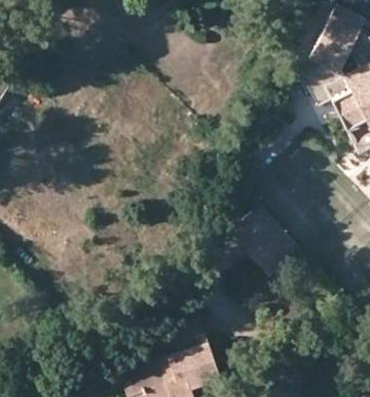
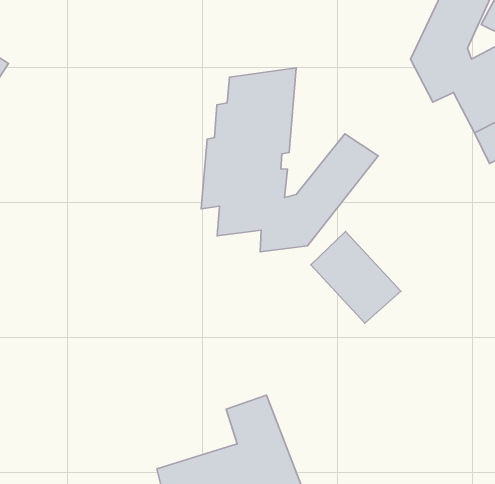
building: none -> [201,68,378,252]

